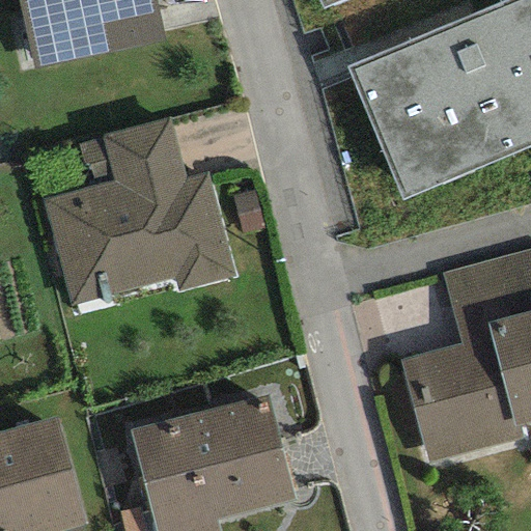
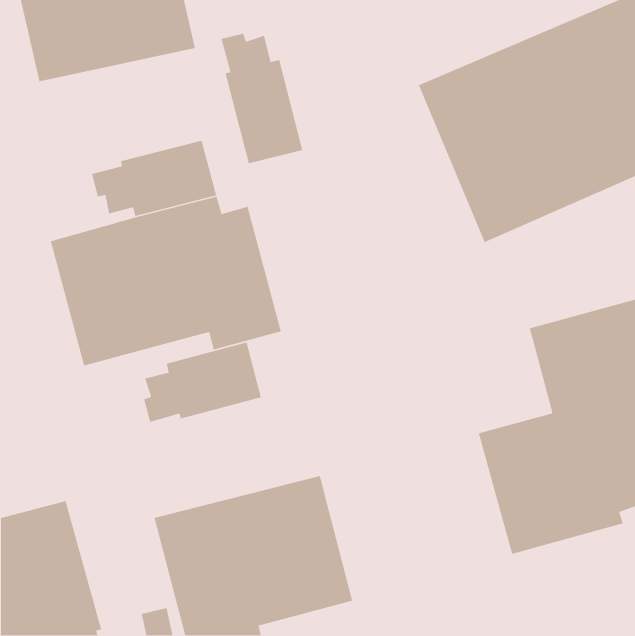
building: none -> [221,33,303,164]
building: none -> [143,341,262,423]

